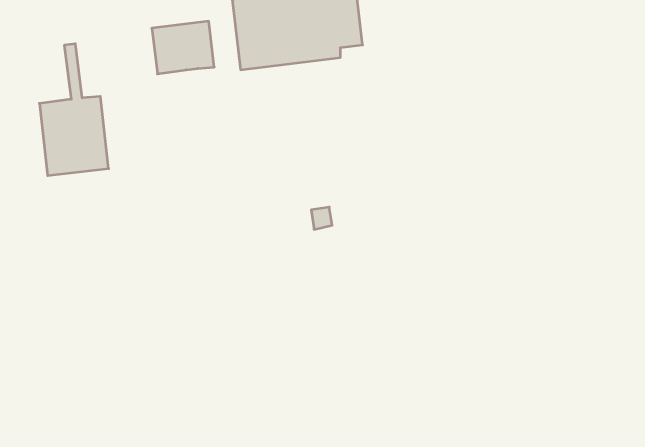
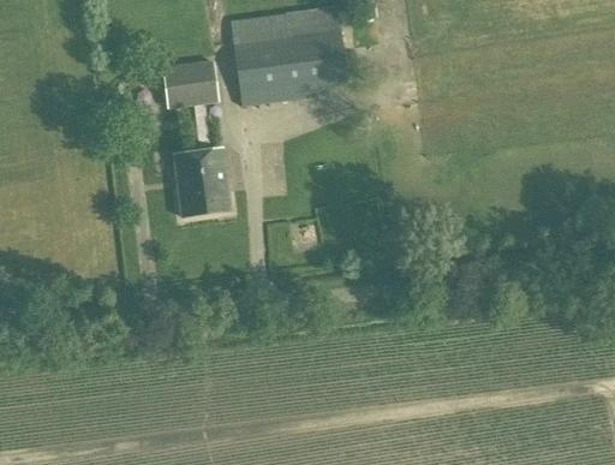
building: [39,44,109,176] -> [172,101,232,215]

